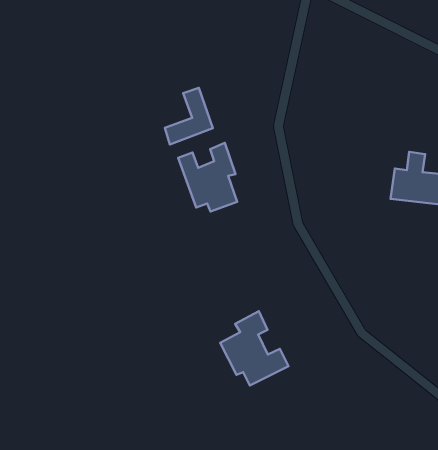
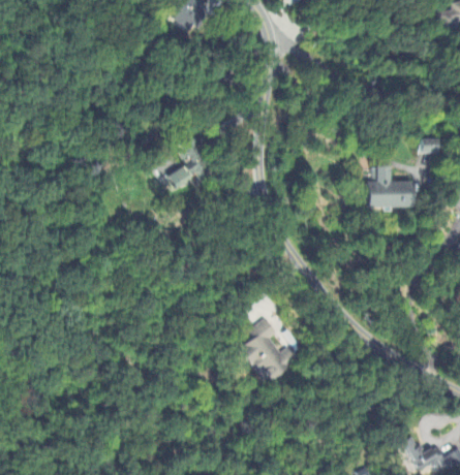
building: [178,143,237,211] -> none

